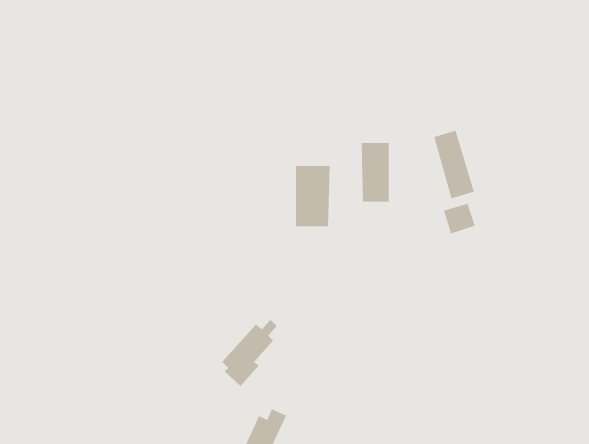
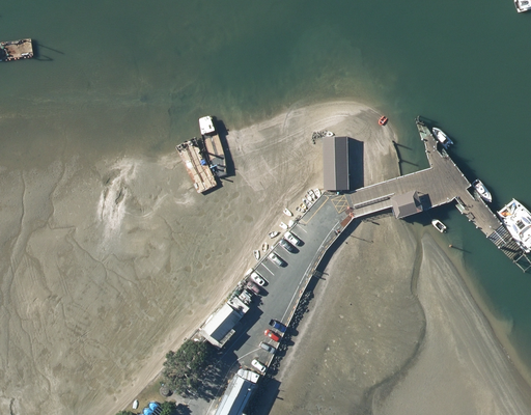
building: [433,130,475,199] -> none
building: [295,165,330,227] -> none

